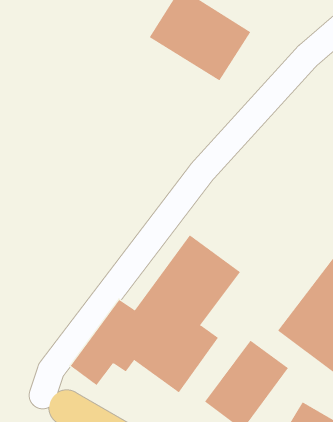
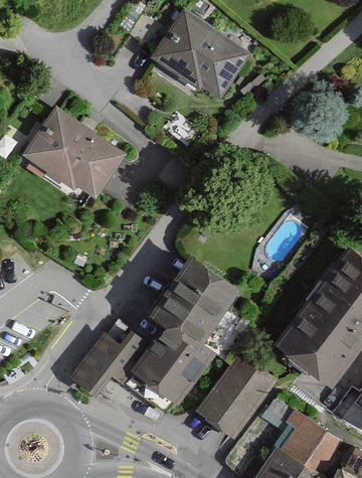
building: none -> [19,109,121,202]

